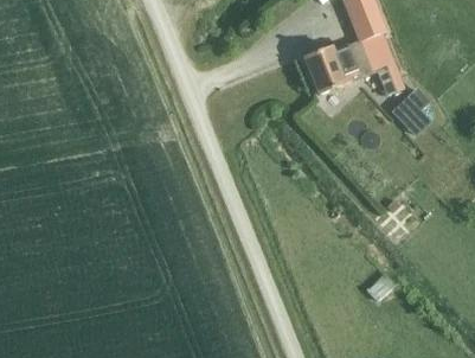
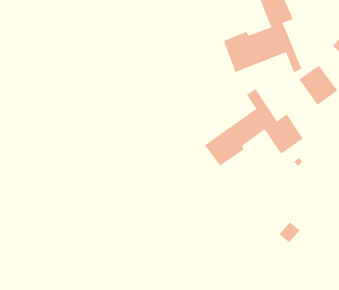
building: none -> [204,88,303,166]

